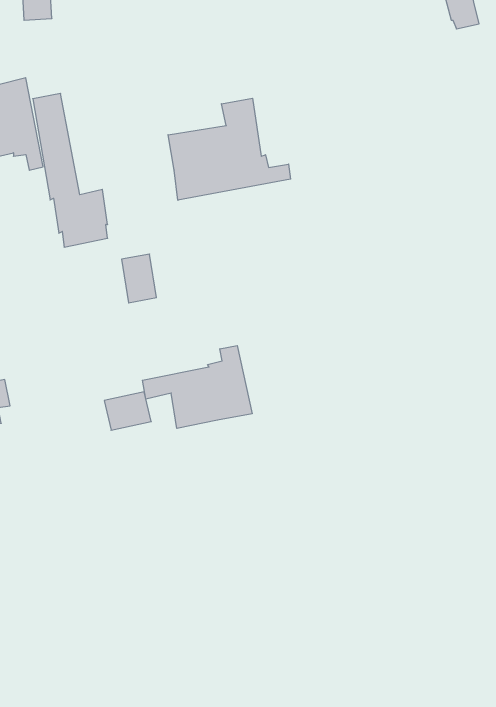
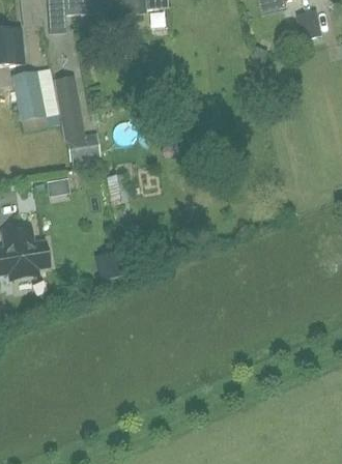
building: [168,98,291,200] -> none
building: [142,346,252,428] -> none

